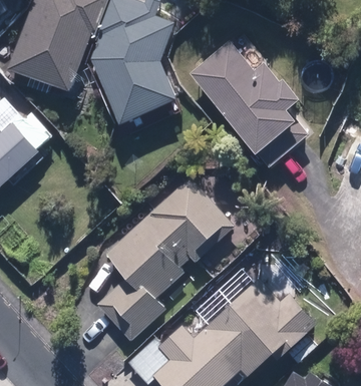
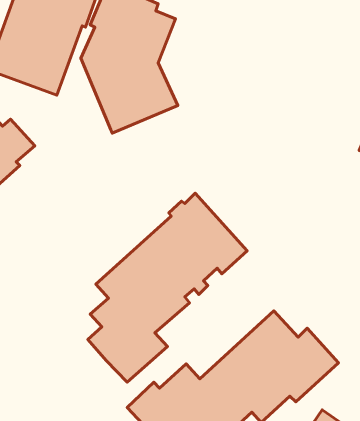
building: [189,41,308,165] -> none

